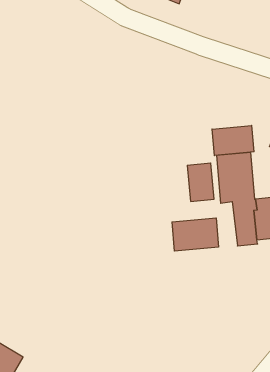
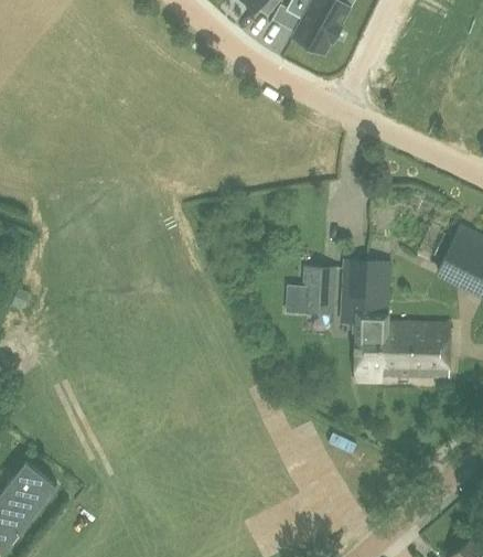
building: [212,125,254,156] -> none
building: [172,218,218,251] -> none

